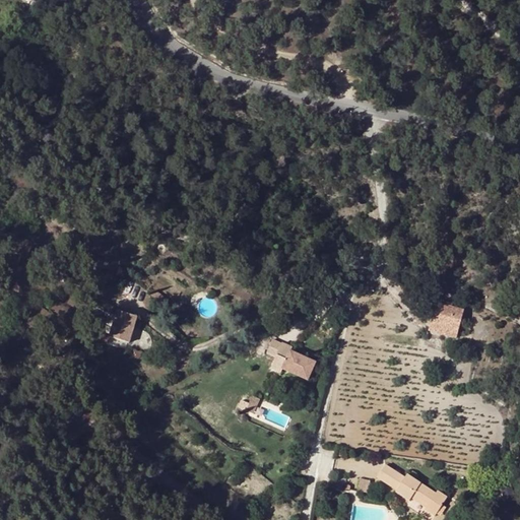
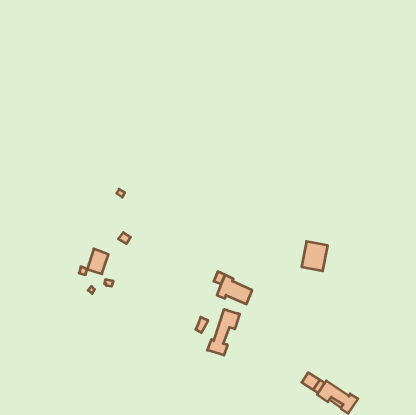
building: [433,300,465,336] -> [302,241,328,271]
building: none -> [207,309,240,355]

